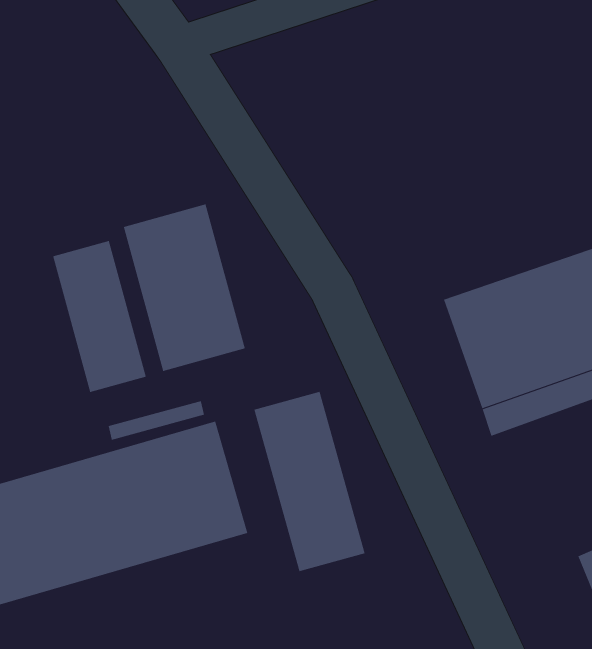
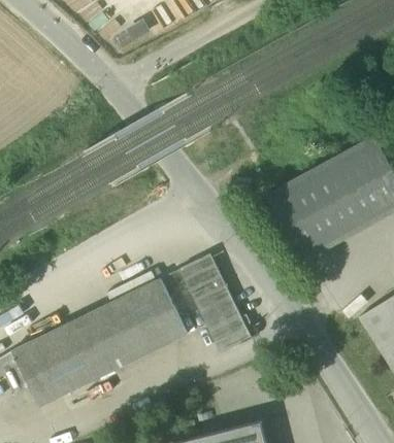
building: [123,204,246,372] -> none
building: [52,240,146,393] -> none

